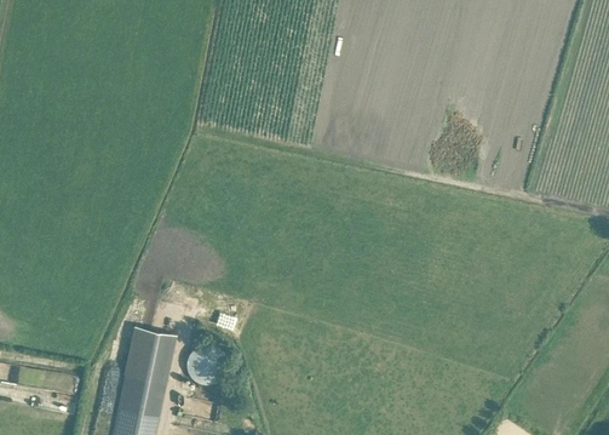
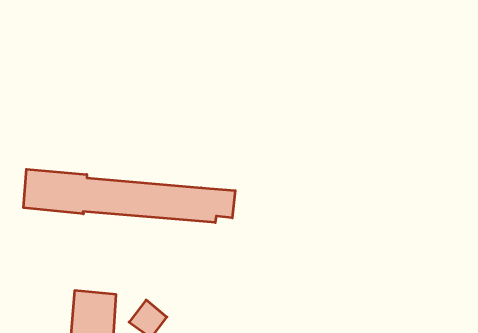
building: none -> [24,169,235,223]

